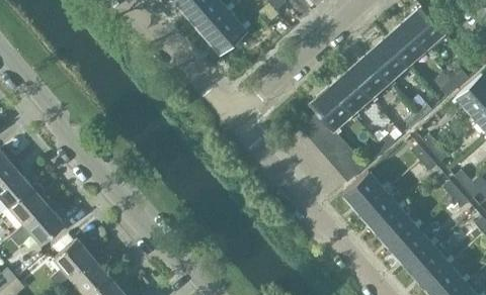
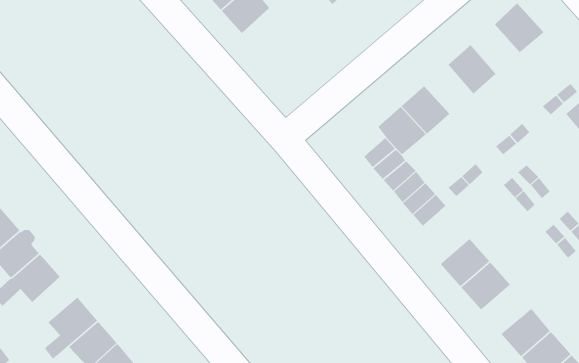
building: [206,13,244,53] -> none
building: [385,26,423,65] -> none
building: [348,58,387,96] -> none
building: [344,174,384,213] -> none
building: [393,229,432,268] -> none

